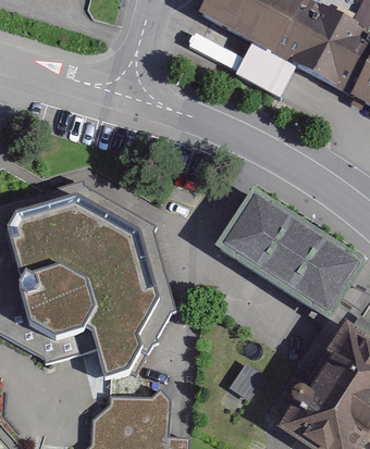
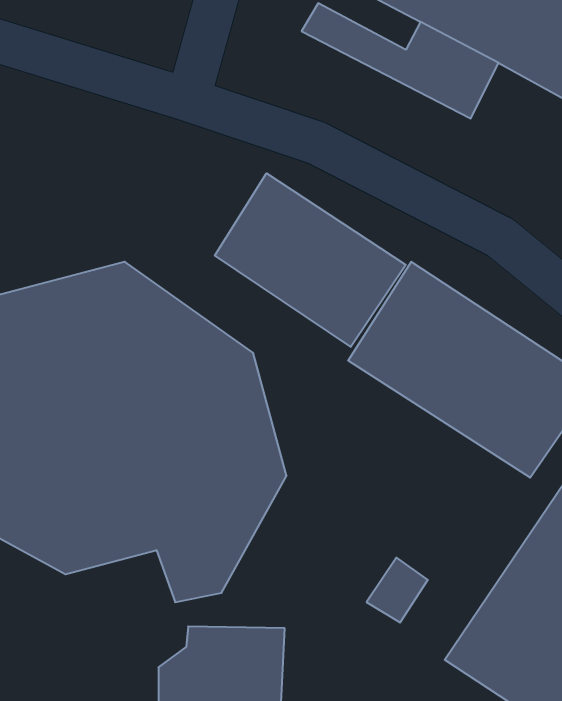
building: none -> [215,173,406,347]

